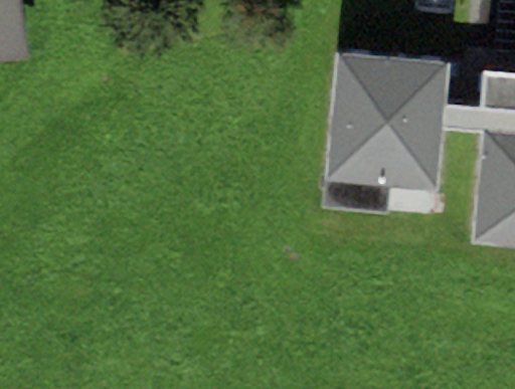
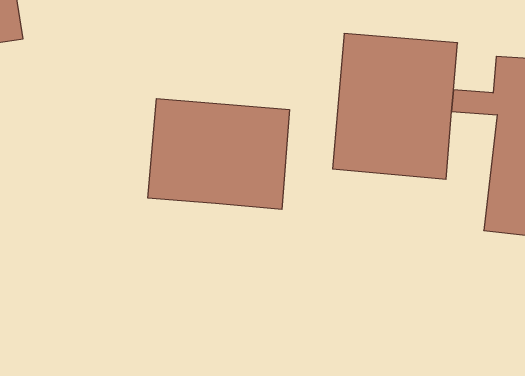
building: none -> [148,99,289,209]

